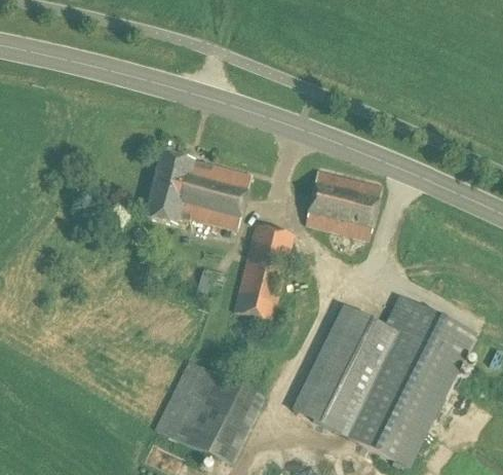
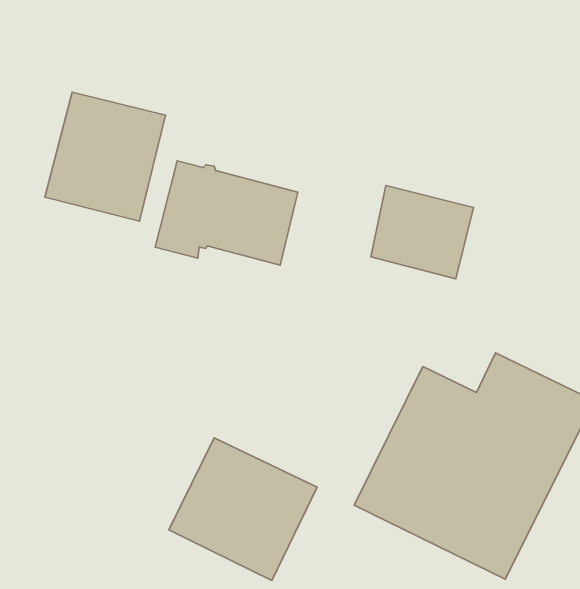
building: none -> [45,92,166,221]
building: [233,223,293,320] -> none

